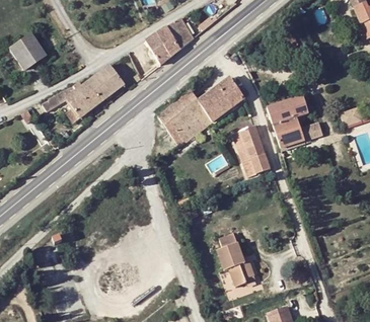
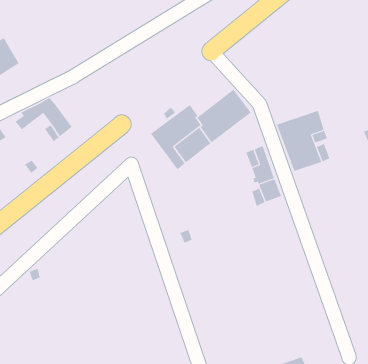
building: [145,18,193,65] -> none
building: [71,65,124,109] -> none
building: [212,223,252,280] -> none

